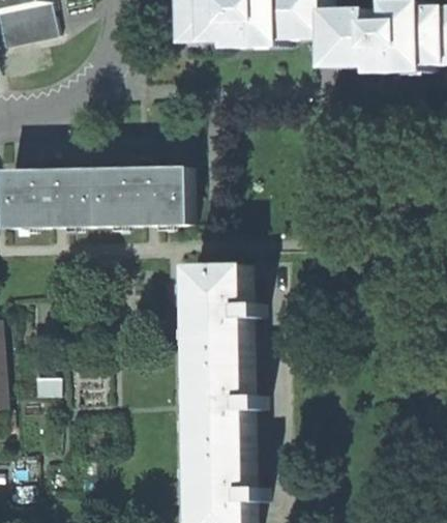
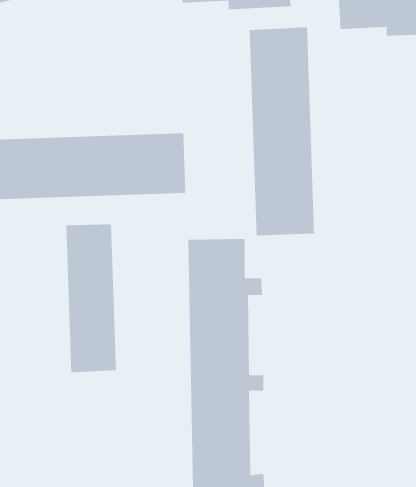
building: none -> [249,26,314,236]
building: none -> [66,223,117,373]

